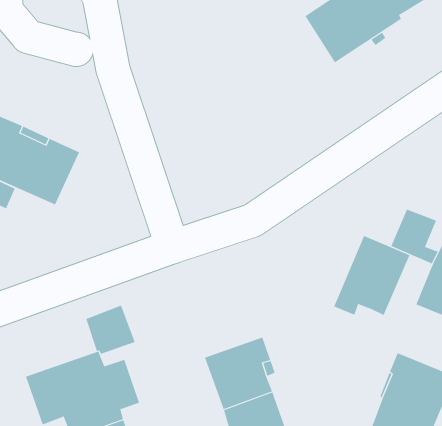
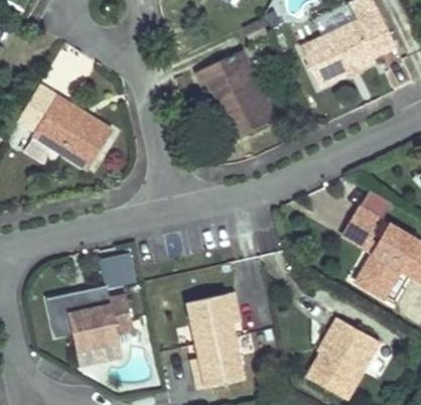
building: none -> [195,48,275,136]
building: [333,235,410,316] -> none

